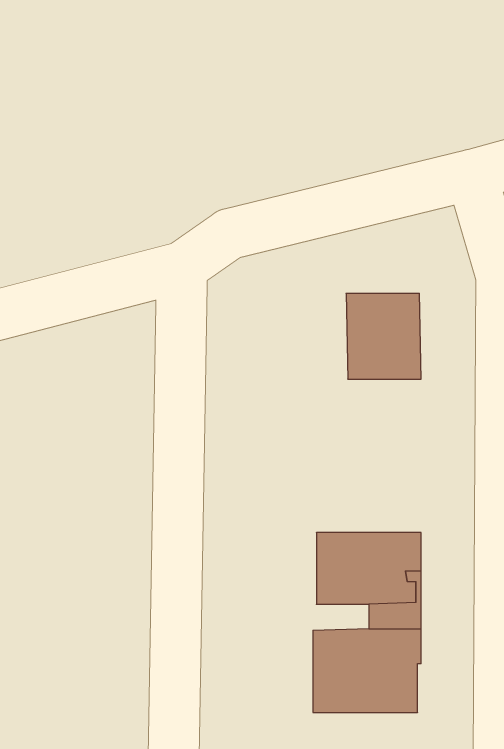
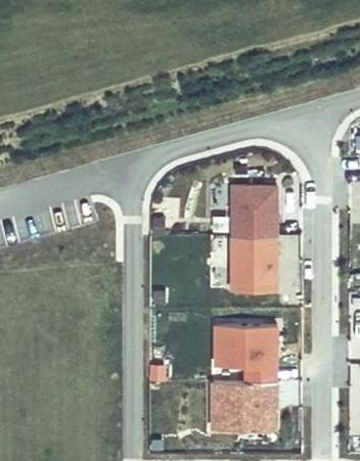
building: none -> [233,236,276,291]

